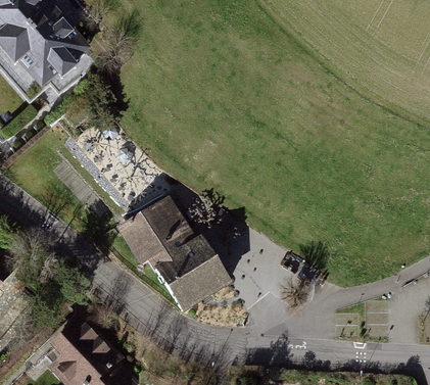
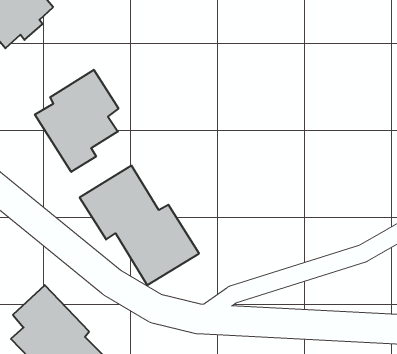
building: none -> [35,70,118,172]

